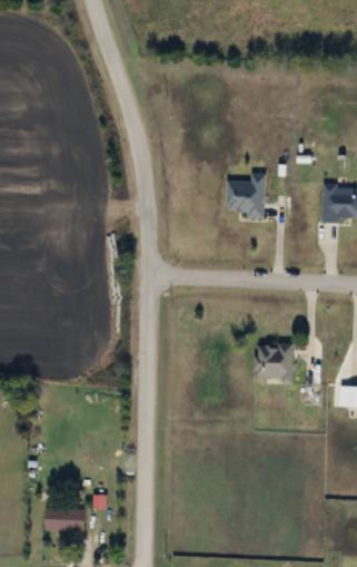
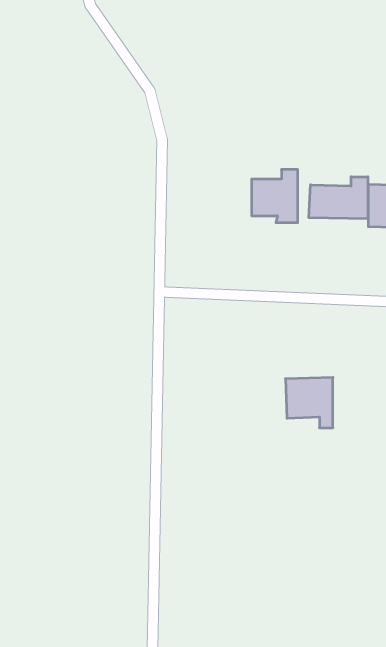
building: none -> [309,177,368,219]
building: [44,508,86,529] -> none

